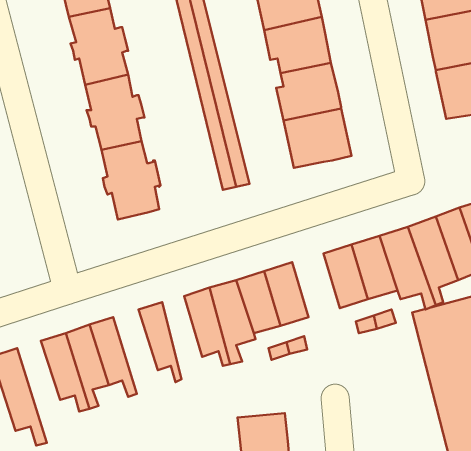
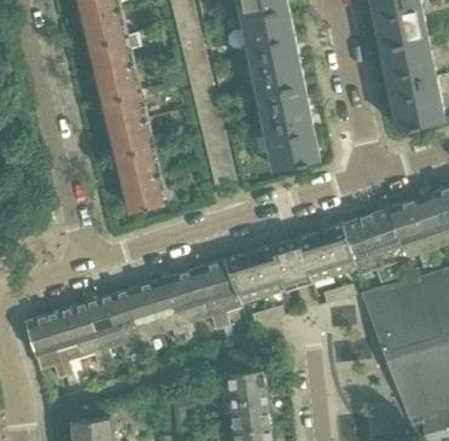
building: none -> [270,239,309,291]
building: none -> [164,274,197,342]
building: none -> [124,285,161,354]
building: none -> [46,311,81,394]

